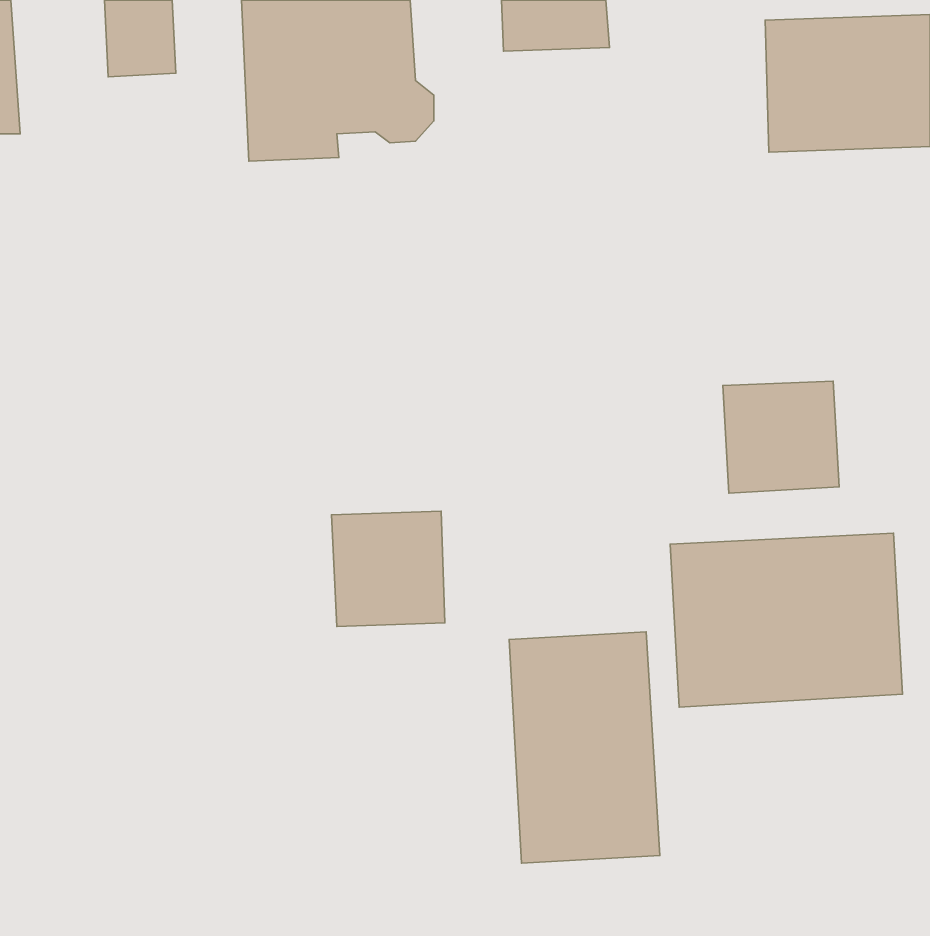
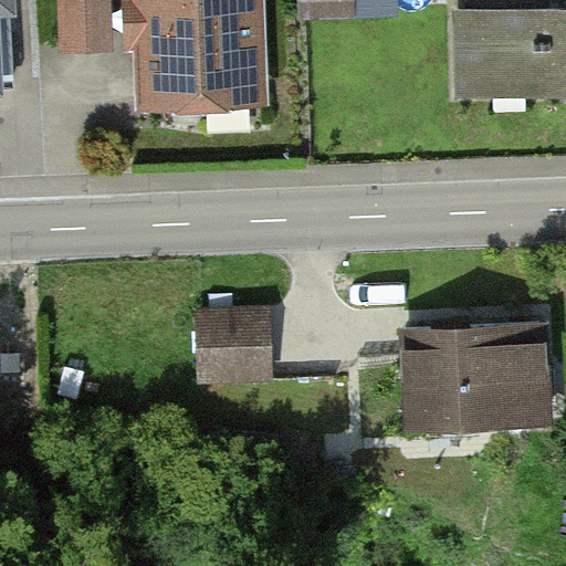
building: [723,381,839,493] -> none
building: [509,632,660,863] -> none

